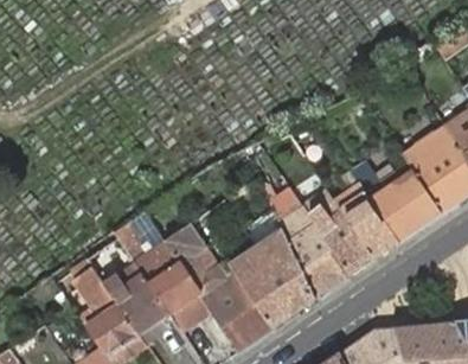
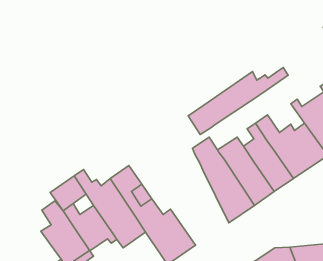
building: none -> [188,67,288,135]
building: [236,231,316,327] -> none

